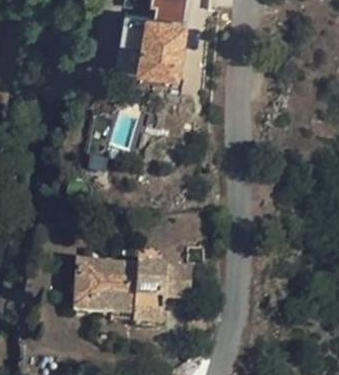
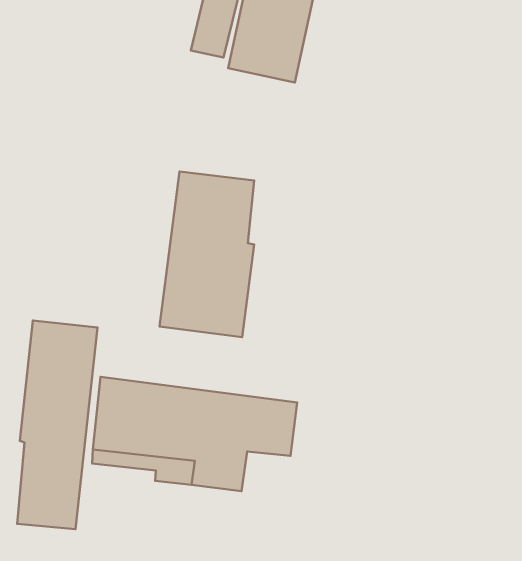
building: none -> [160,172,254,337]
building: none -> [17,320,98,529]

